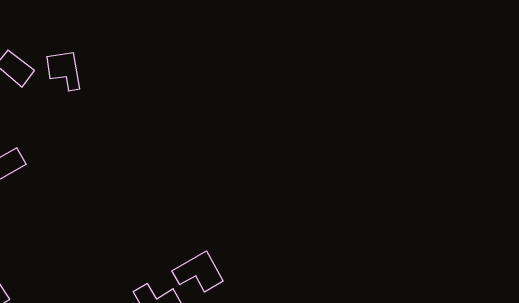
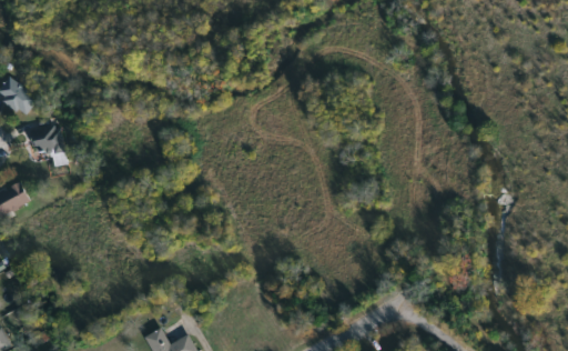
building: [47,53,80,91] -> [30,126,65,167]
building: [172,251,223,292] -> none

